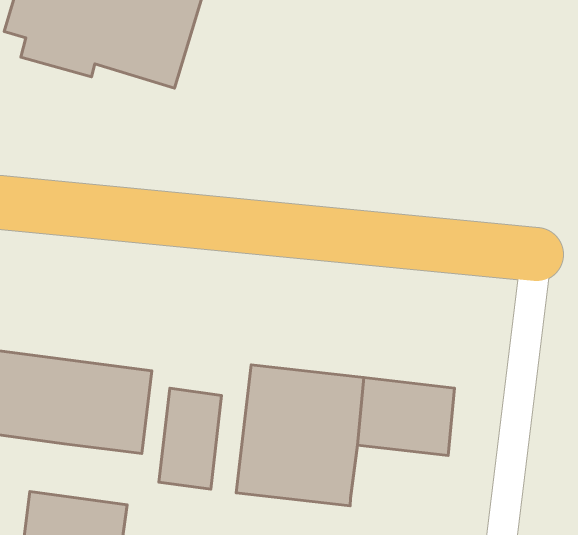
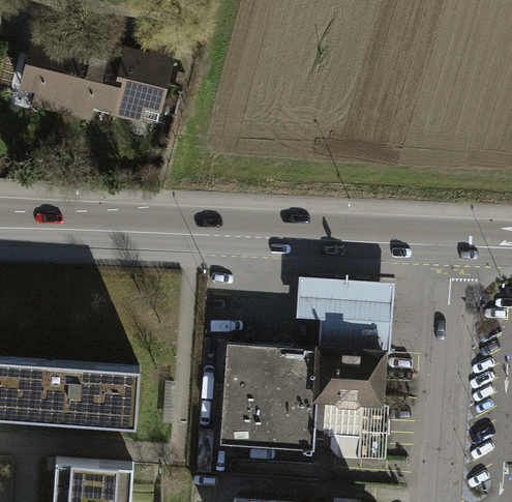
building: none -> [295,285,392,360]
building: [159,388,221,489] -> none
building: none -> [310,410,386,468]

